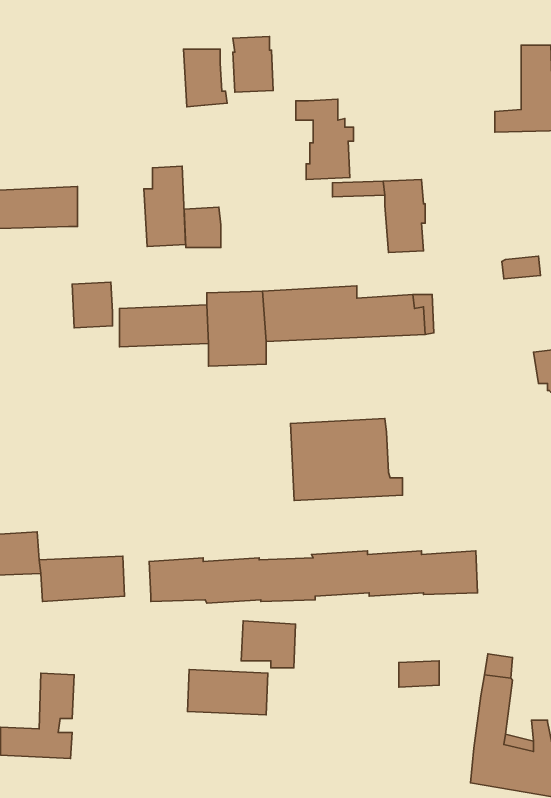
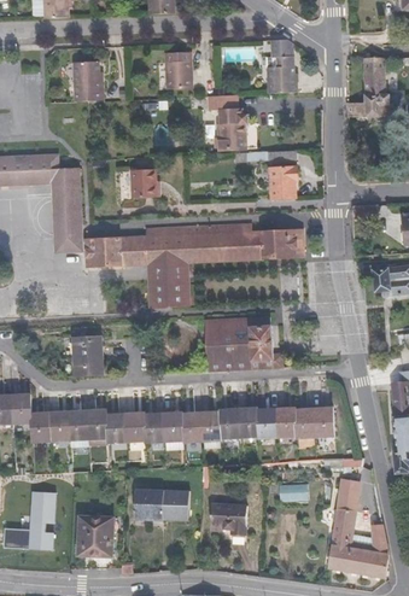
building: none -> [265,39,297,93]
building: [183,49,227,107] -> [72,62,103,101]
building: [144,166,186,246] -> [51,166,80,222]
building: none -> [147,277,188,308]
building: none -> [72,337,103,375]
building: none -> [88,409,109,448]
building: [241,621,295,668] -> [209,502,246,534]
building: none -> [77,515,112,556]

